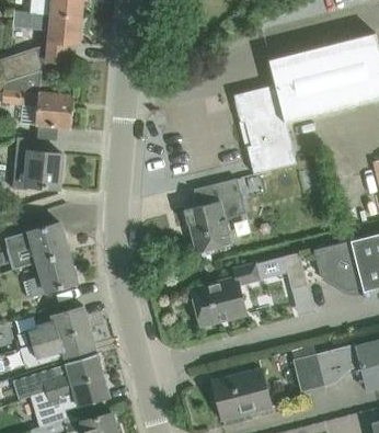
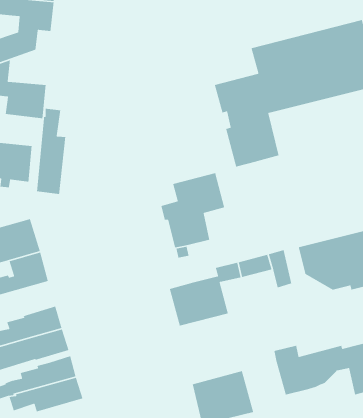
building: none -> [36,108,66,195]

